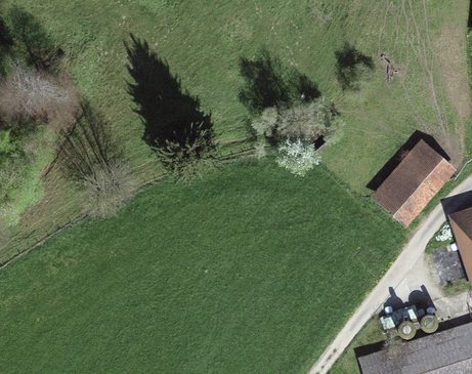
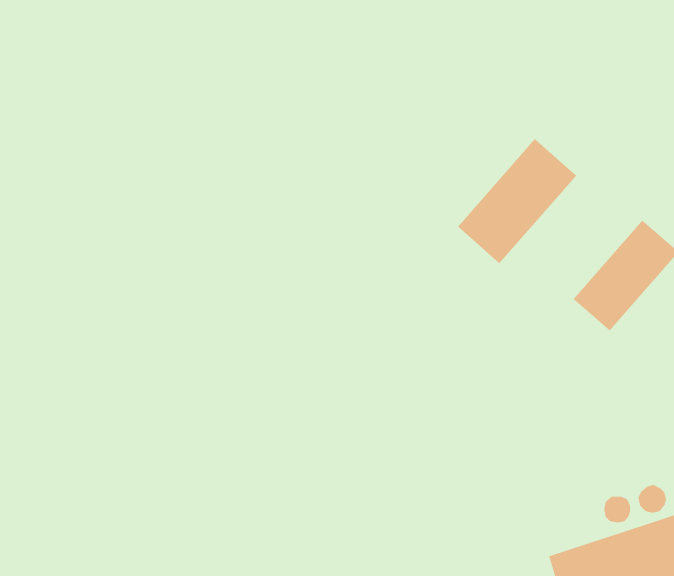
building: none -> [457,138,577,264]

